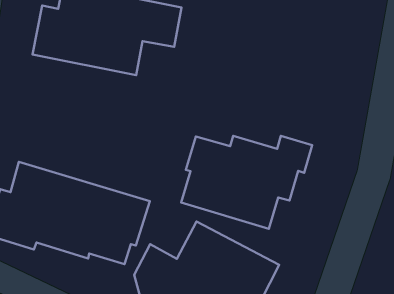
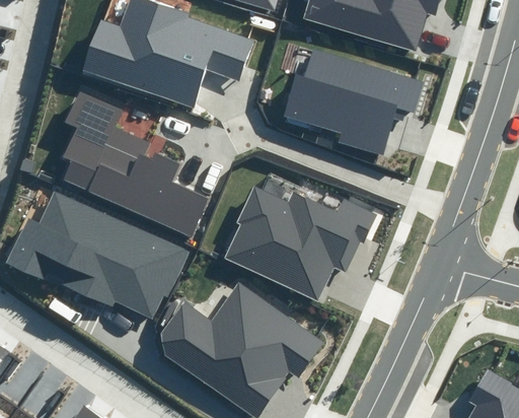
building: none -> [286,49,425,156]
building: none -> [61,81,207,235]

